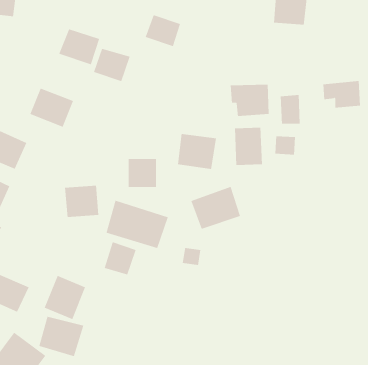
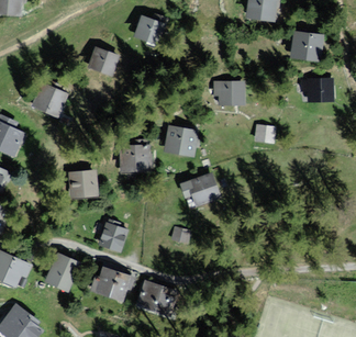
building: [59,29,100,65] -> none
building: none -> [293,27,331,60]
building: [280,94,300,124] -> none
building: [235,127,262,166] -> none
building: [106,200,168,249] -> none
building: none -> [144,283,179,310]
building: [38,316,84,357] -> [88,265,130,302]

